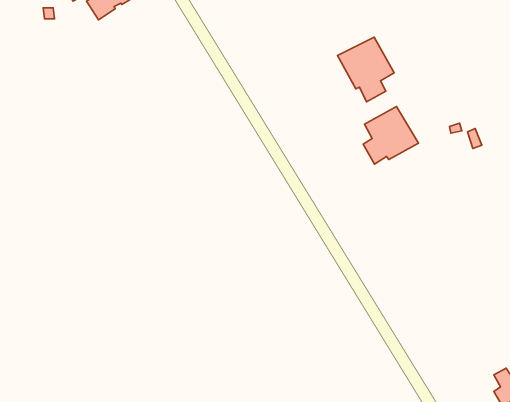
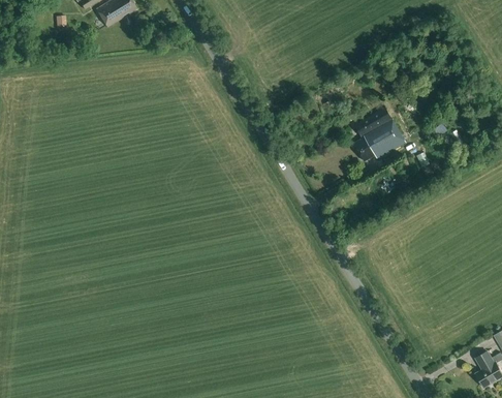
building: [337,37,394,102] -> none

